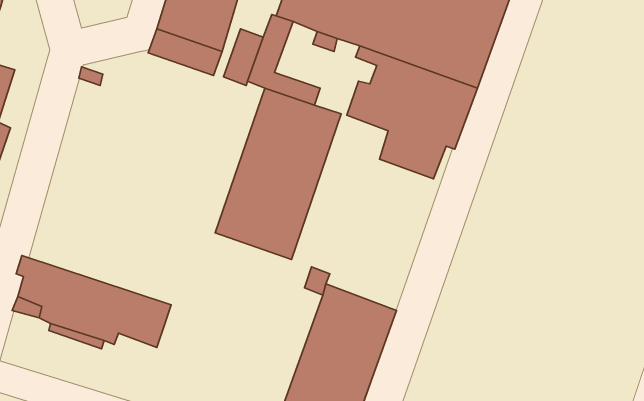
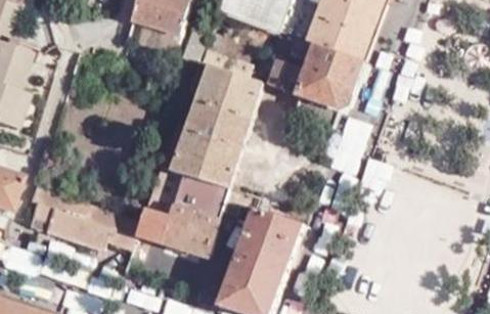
building: none -> [136,164,227,257]

